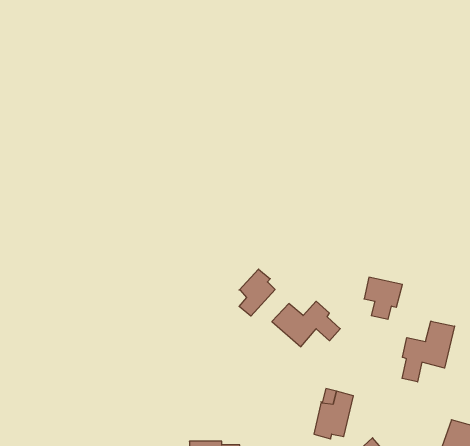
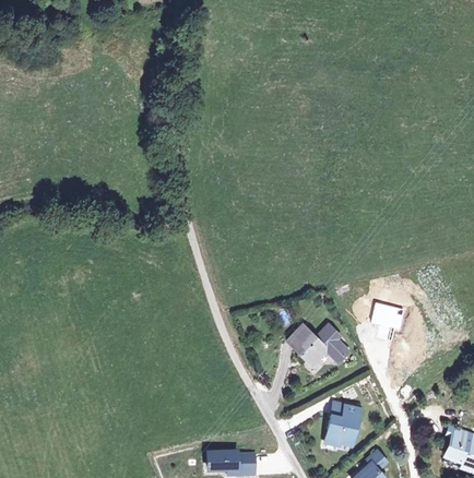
building: [239,269,275,316] -> none
building: [402,321,455,382] -> none

